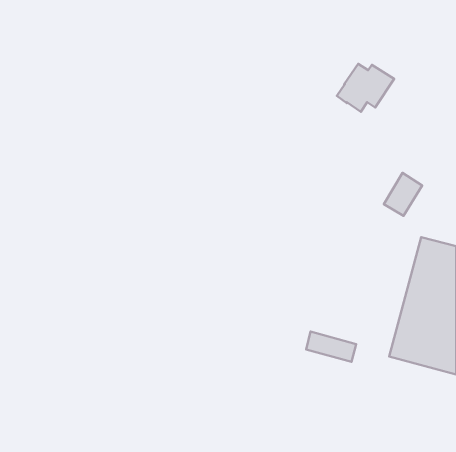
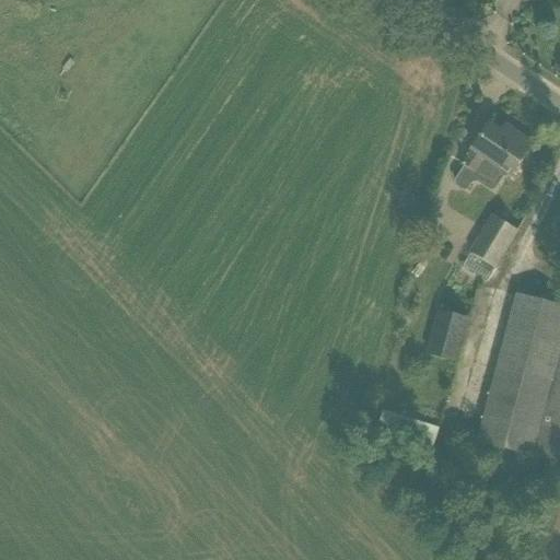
building: [337,64,394,112] -> [463,121,533,180]
building: none -> [425,320,464,359]

